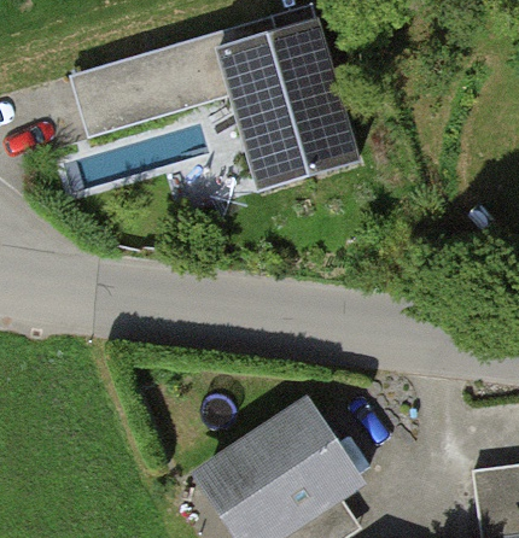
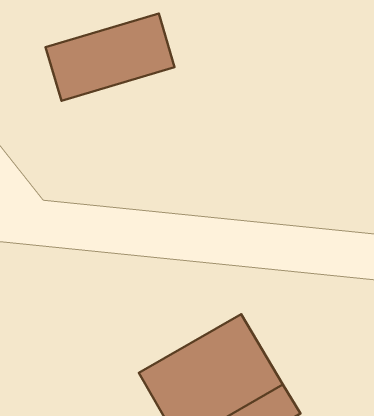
building: [216,22,350,180] -> none

